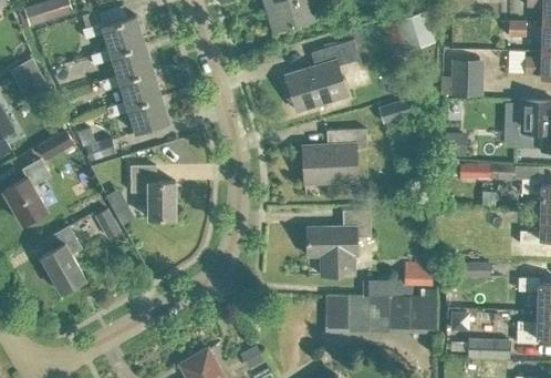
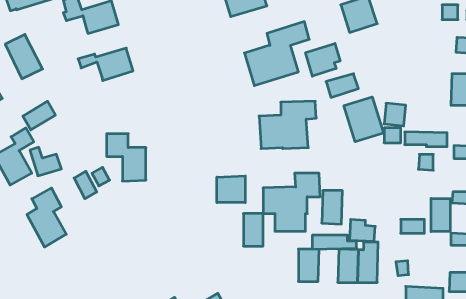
building: [91,43,153,80] -> none
building: [449,60,484,98] -> none
building: none -> [306,43,340,76]
building: [106,95,169,133] -> none
building: none -> [344,97,383,142]
building: [81,130,116,162] -> [30,147,61,176]
building: none -> [217,176,245,203]
building: none -> [431,198,450,232]
building: [324,296,346,333] -> [243,214,263,246]
building: [368,296,392,334] -> [322,191,342,224]

